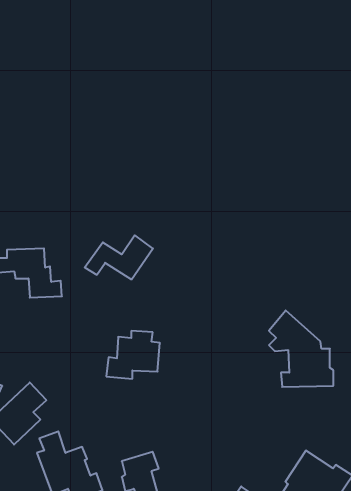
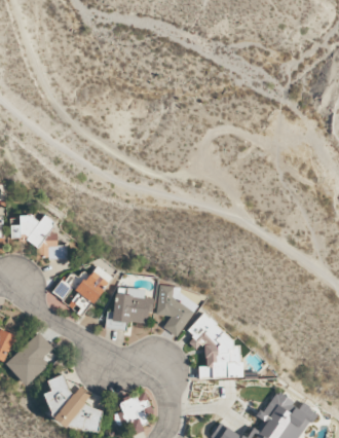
building: [85,235,153,279] -> [53,265,112,303]
building: [269,310,333,387] -> [188,313,243,378]
building: none -> [155,285,197,337]

